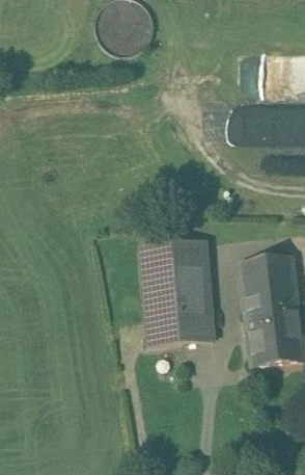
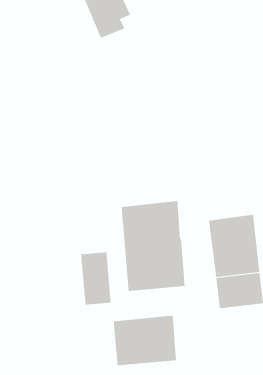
building: none -> [81,251,111,305]
building: none -> [113,315,176,366]

